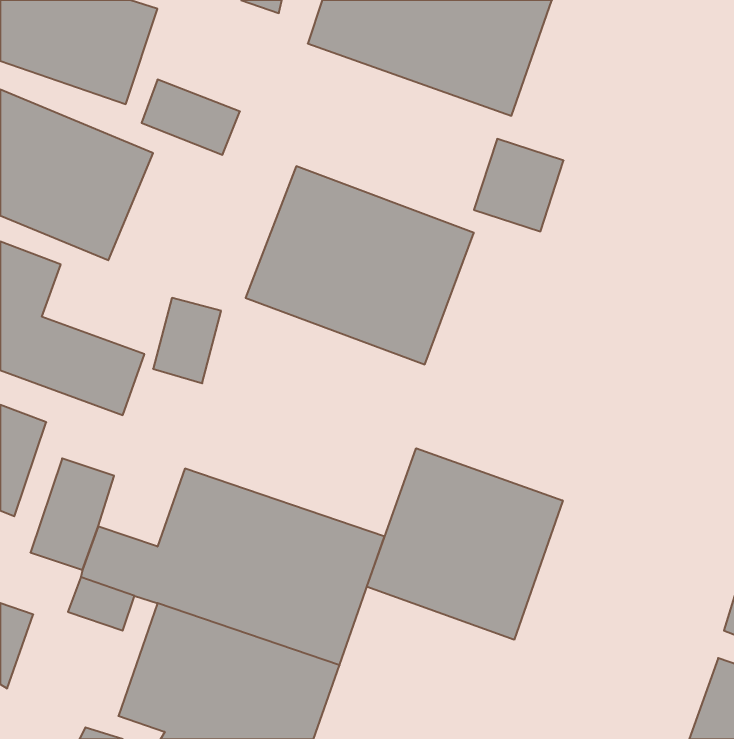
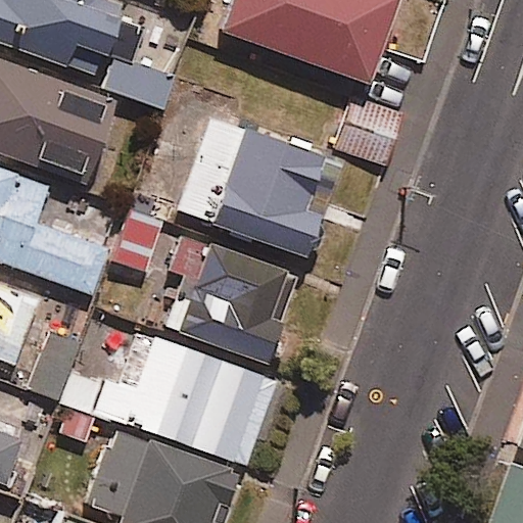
building: none -> [163,234,295,362]
building: [367,448,563,640] -> none

